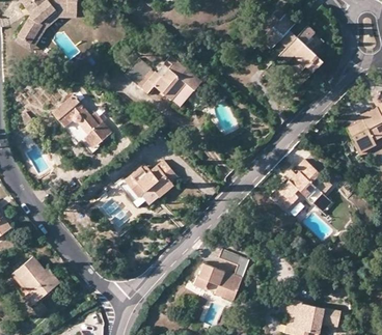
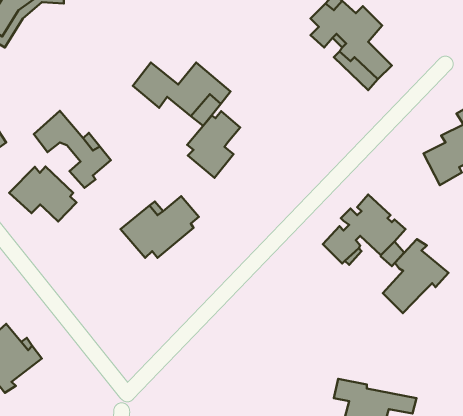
building: none -> [187,111,240,178]
building: none -> [9,166,76,221]
building: none -> [383,239,448,313]
building: [194,251,249,302] -> none

